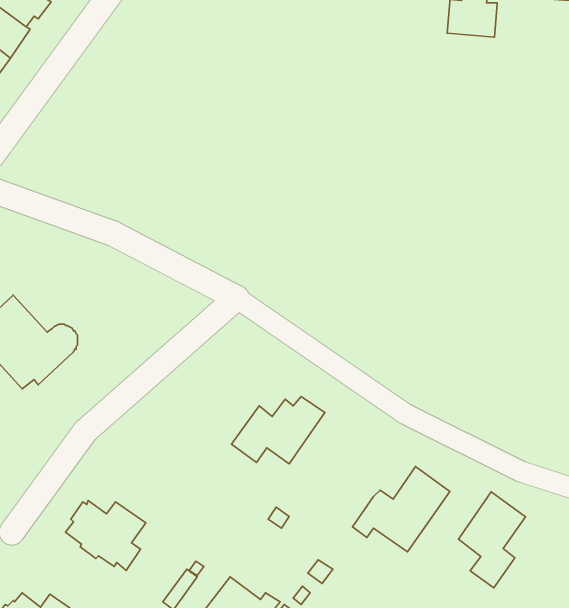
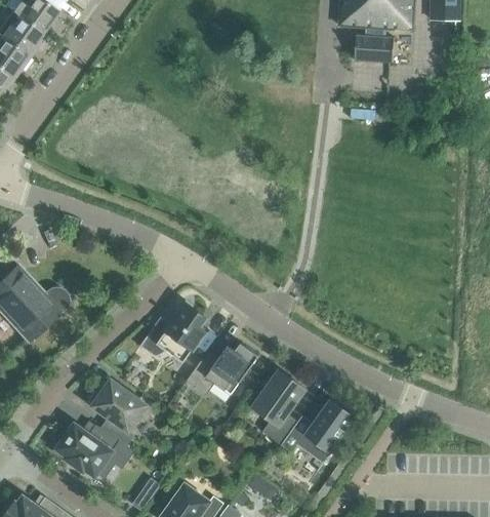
building: none -> [138,306,204,368]
building: none -> [92,380,148,446]
building: [458,492,526,588] -> [252,369,304,444]

